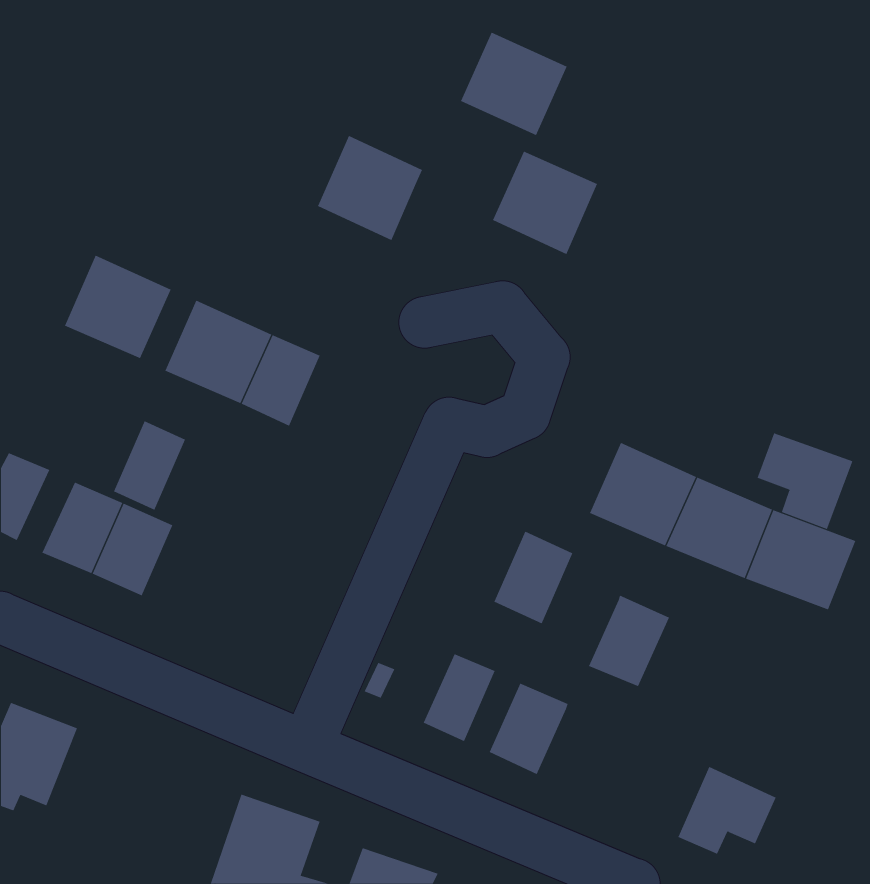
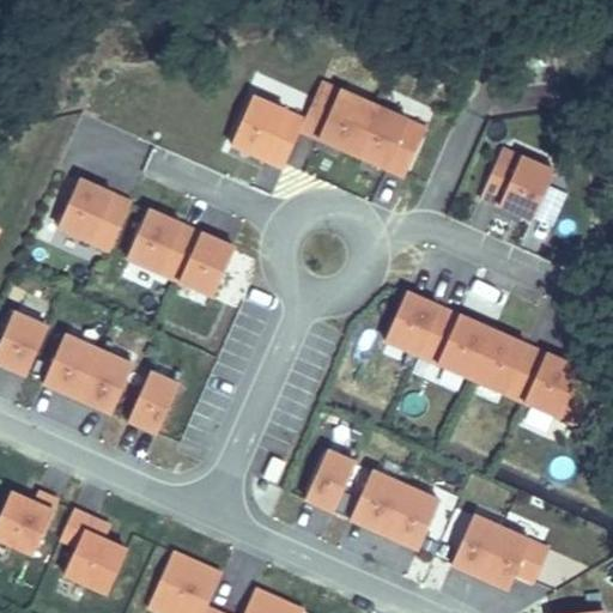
building: [460,32,568,136] -> [298,80,372,152]
building: none -> [480,147,553,219]
building: [113,420,186,511] -> [126,370,176,432]
building: [757,432,853,530] -> none
building: [494,531,573,624] -> [384,290,439,354]
building: [588,595,670,687] -> [382,486,438,550]
building: none -> [67,506,136,597]
building: none -> [450,517,500,578]

